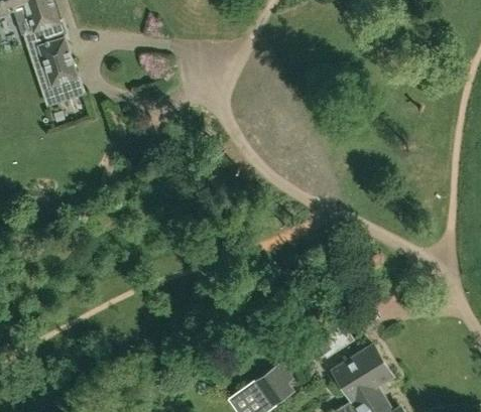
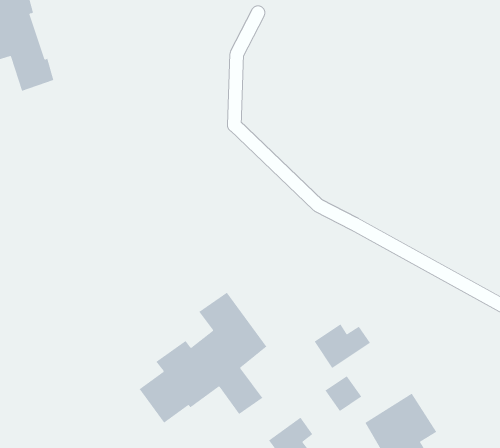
building: none -> [139,292,267,423]
building: none -> [314,323,371,369]

